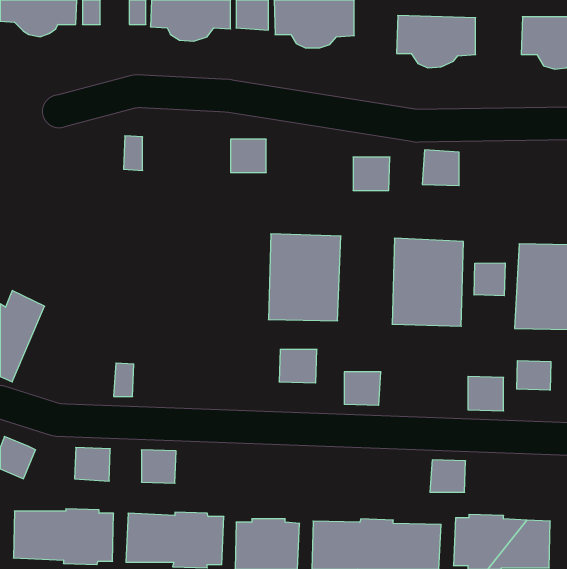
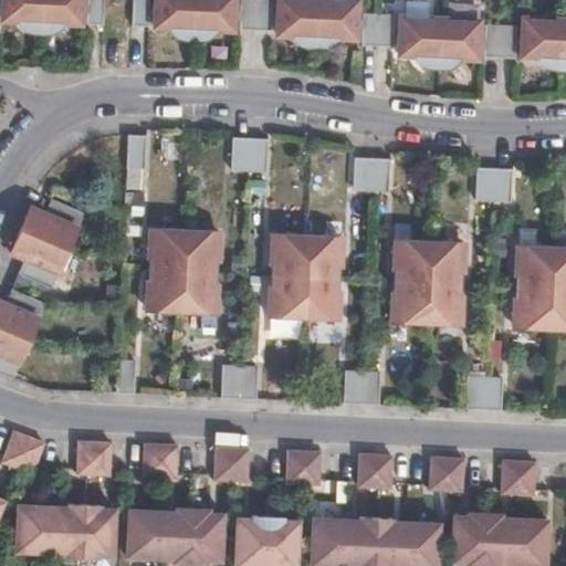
building: none -> [359,11,391,45]
building: none -> [481,22,514,55]
building: [422,150,459,186] -> [474,164,511,199]
building: none -> [13,198,86,289]
building: none -> [145,228,219,314]
building: [474,263,505,296] -> none
building: [279,349,317,383] -> [220,365,258,398]
building: [517,361,551,390] -> none
building: none -> [213,449,249,482]
building: none -> [286,452,321,484]
building: none -> [358,454,394,488]
building: none -> [502,460,535,493]

